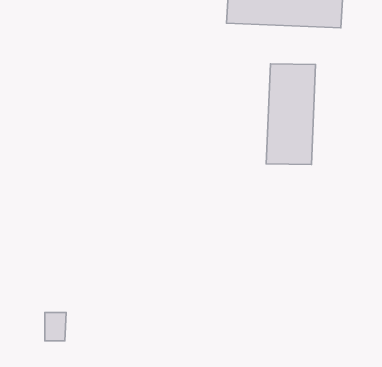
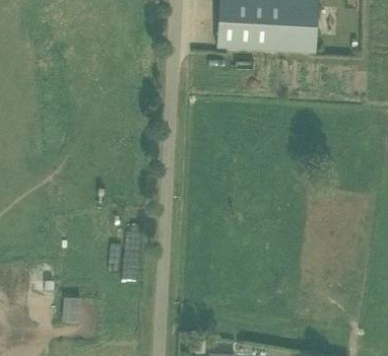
building: [266,64,316,165] -> none

